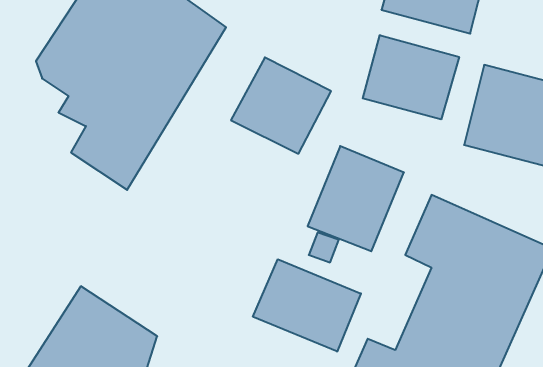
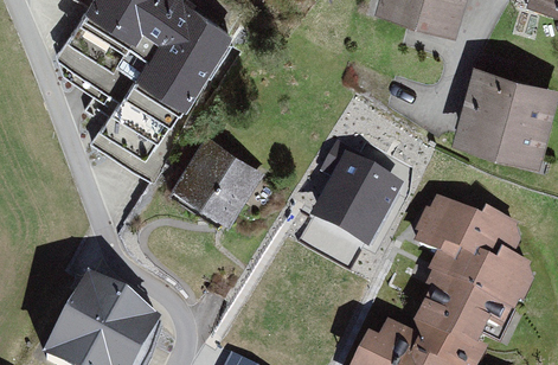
building: [363,35,459,119] -> none
building: [231,57,331,154] -> [168,140,263,231]
building: [253,259,361,352] -> none

